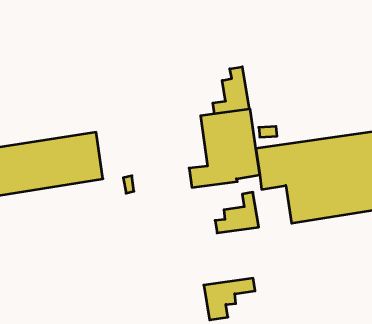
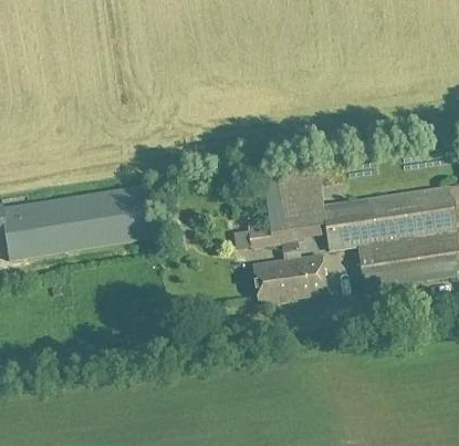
building: [213,67,249,114] -> none
building: [204,278,255,320] -> [249,256,307,303]

